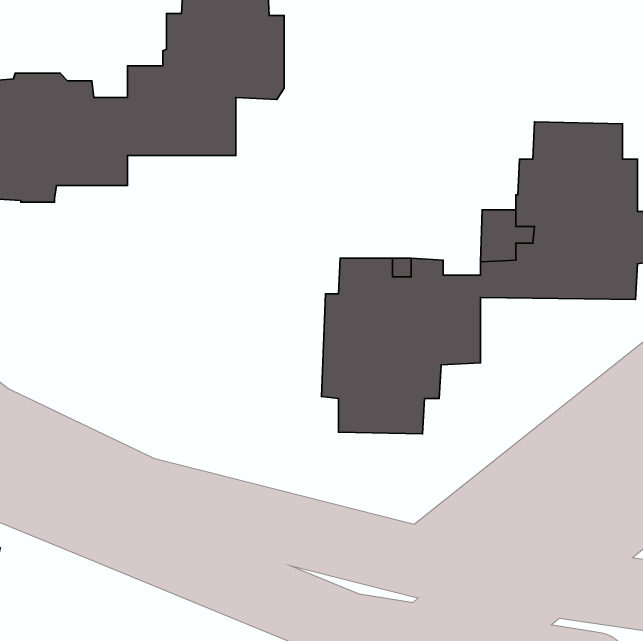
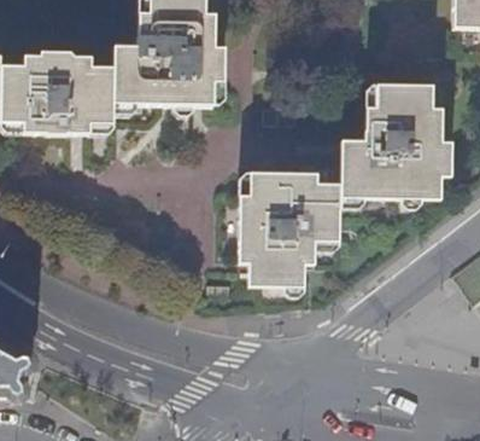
building: none -> [182,46,224,104]

